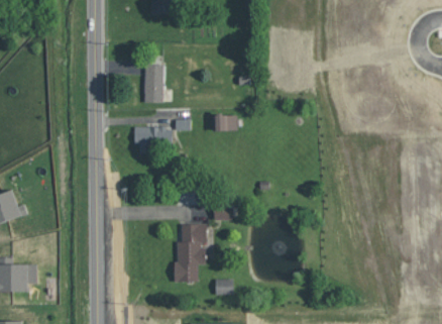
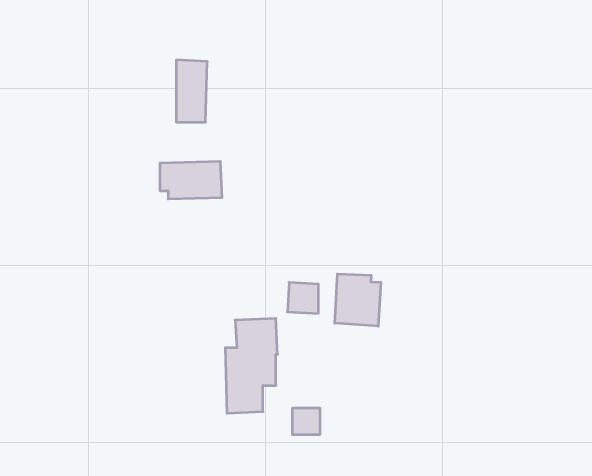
building: [212,114,237,131] -> none
building: none -> [335,274,381,326]

